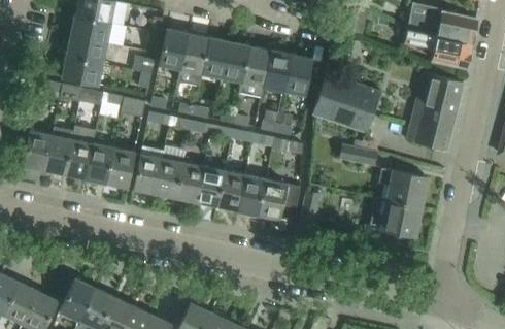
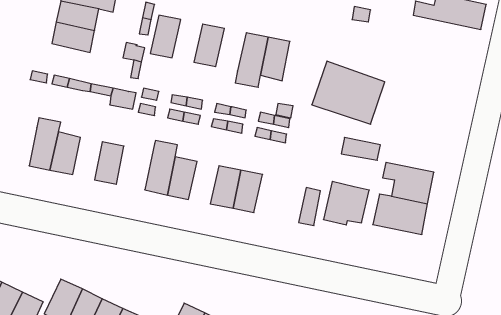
building: [404,29,471,67] -> none
building: [177,33,208,85] -> none
building: [221,41,249,81] -> none
building: [283,54,312,95] -> none
building: [61,56,102,86] -> none
building: [406,71,463,150] -> none
building: [23,131,52,171] -> none
building: [86,144,113,185] -> none
building: [133,145,163,194] -> none
building: [195,167,224,207] -> none
building: [257,179,300,221] -> [323,181,369,225]

